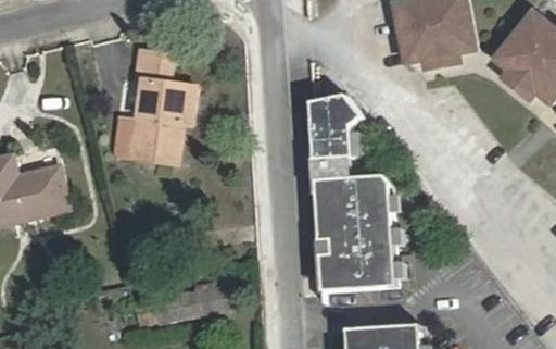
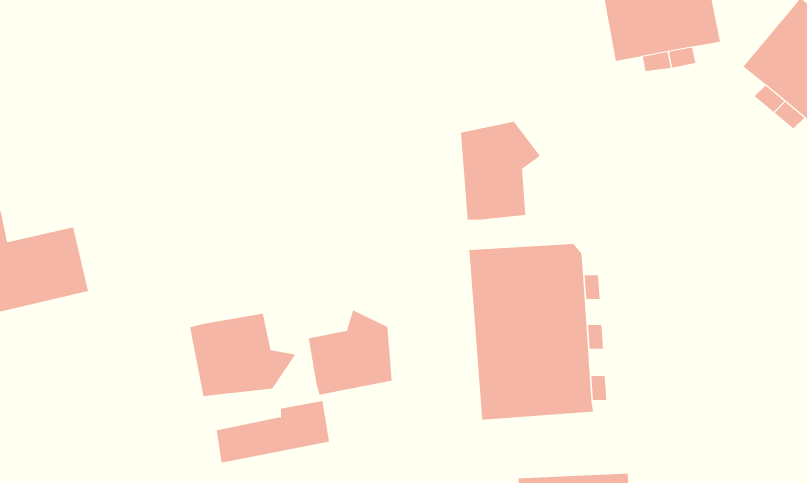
building: [123,51,189,164] -> none
building: none -> [308,310,392,396]
building: none -> [190,313,296,397]

